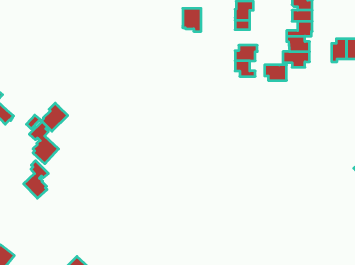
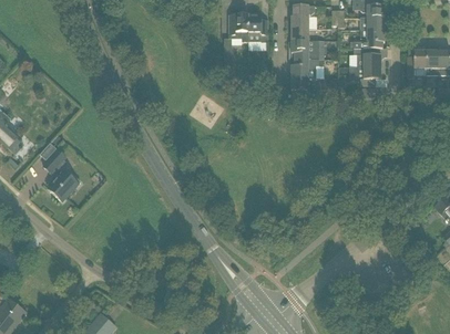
building: none -> [250,14,268,42]
building: [265,65,287,80] -> [292,40,318,59]
building: [41,103,68,131] -> none
building: [24,161,48,198] -> none

